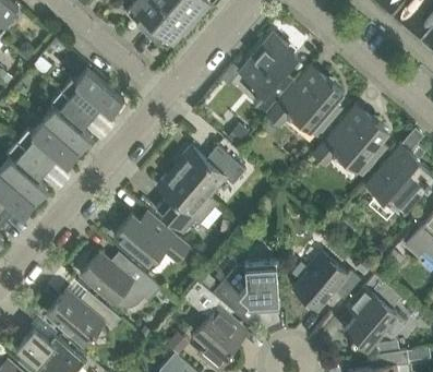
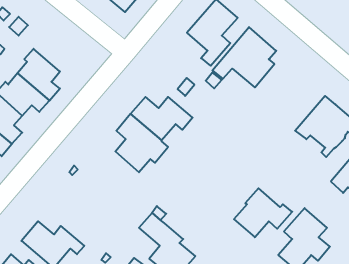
building: [61,68,123,117] -> none
building: [313,104,388,173] -> none
building: [113,214,191,265] -> none
building: [80,252,160,309] -> none
building: [213,261,279,324] -> none

